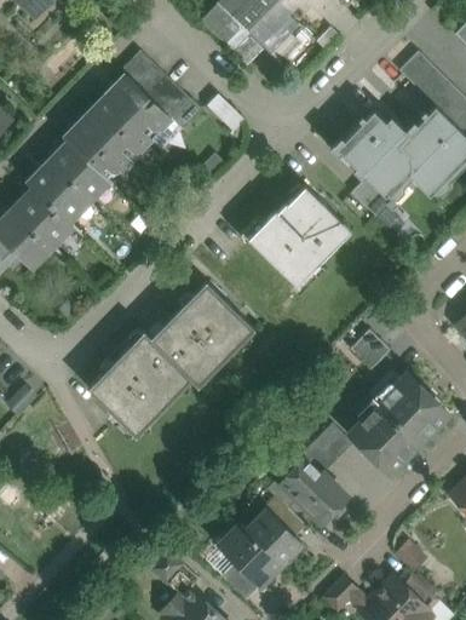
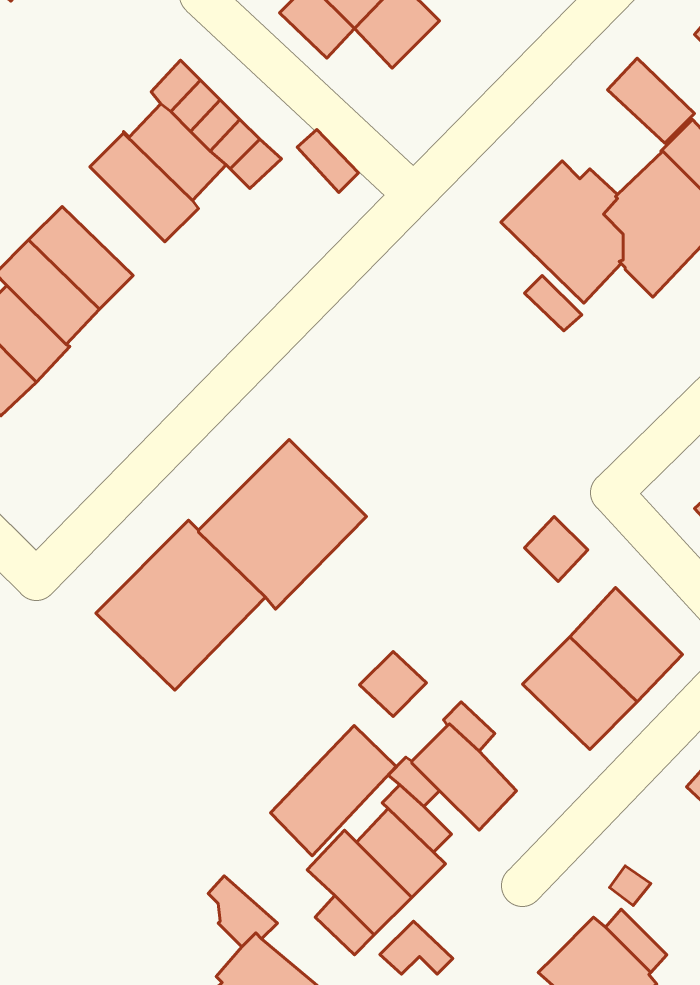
building: [64,115,131,182] -> none
building: [249,188,343,287] -> none
building: [312,423,353,463] -> [359,651,427,717]
building: none -> [270,726,396,856]
building: [324,576,369,609] -> [380,921,453,974]

